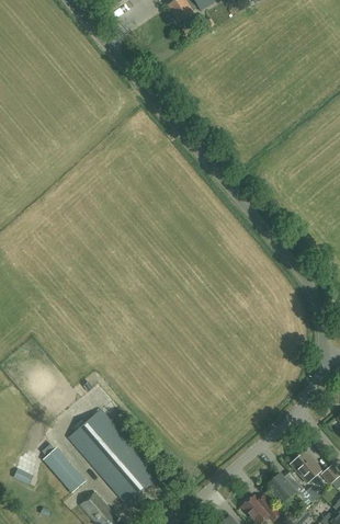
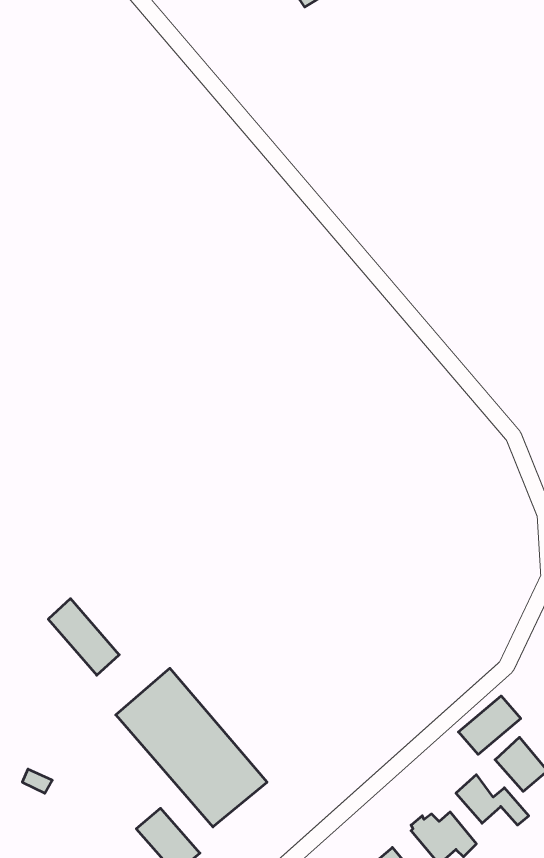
building: none -> [458,696,521,754]
building: [43,448,84,493] -> [48,599,119,675]

